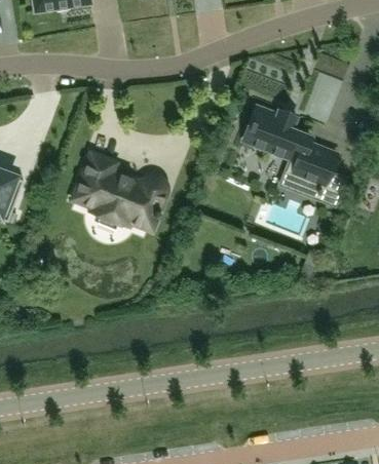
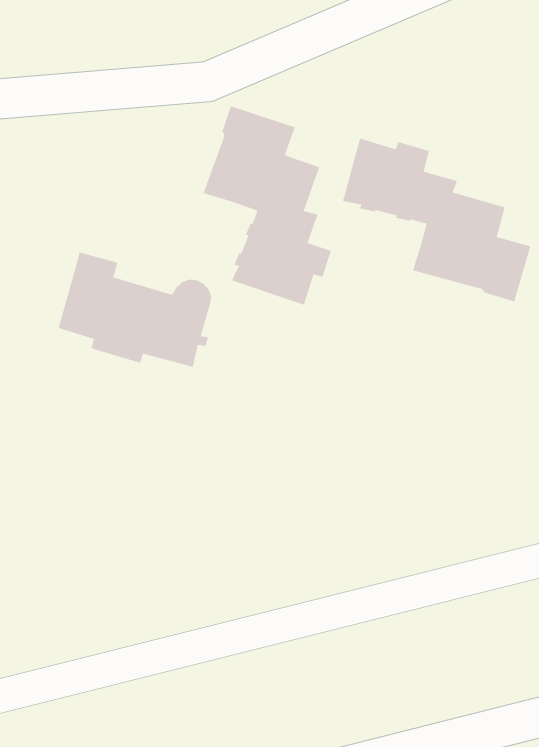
building: none -> [203,106,332,306]

